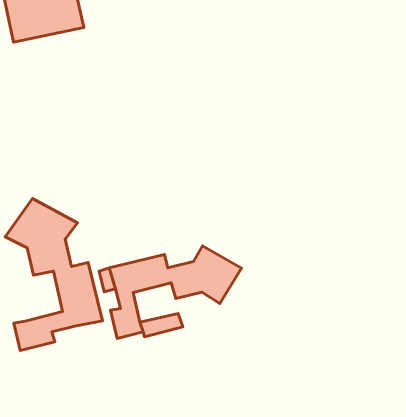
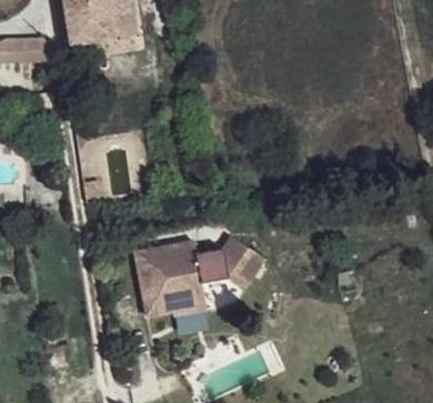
building: [5,199,102,350] -> none

